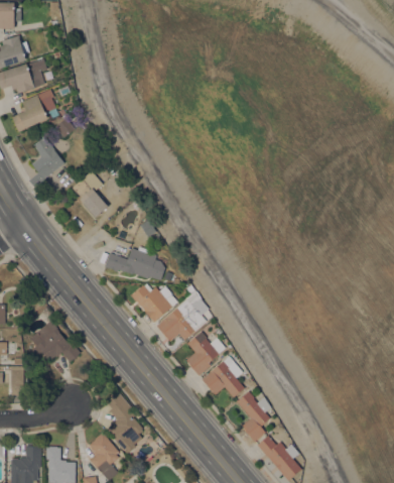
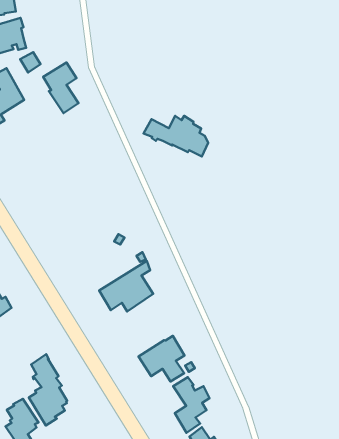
building: [72,170,107,217] -> [43,62,78,113]
building: [105,246,164,280] -> [144,116,208,156]
building: [131,284,177,322] -> none
building: [185,331,225,375] -> none

